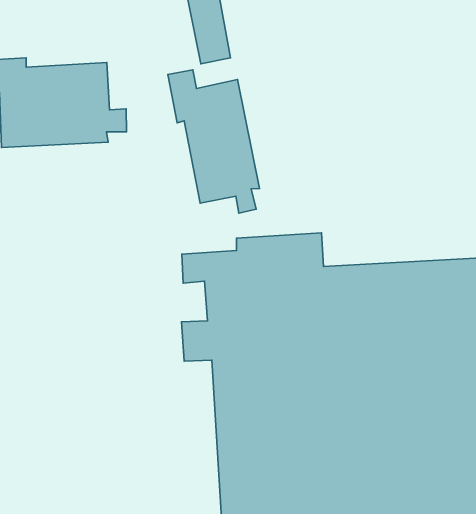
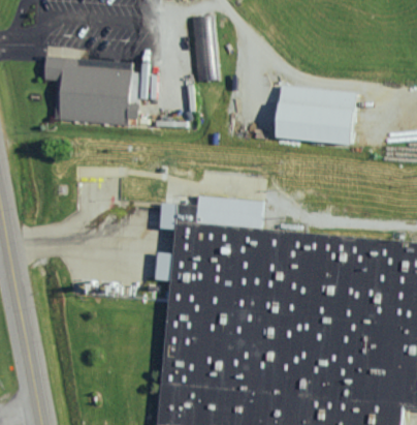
building: none -> [283,86,362,144]
building: [168,70,259,213] -> none

